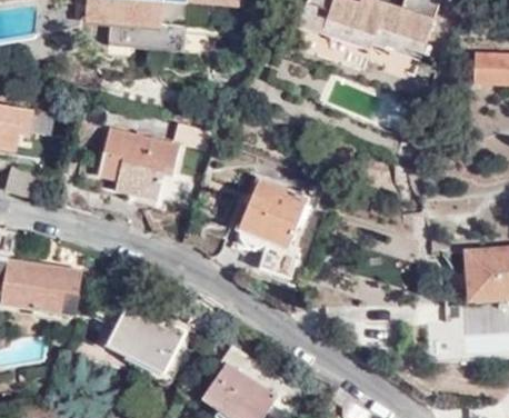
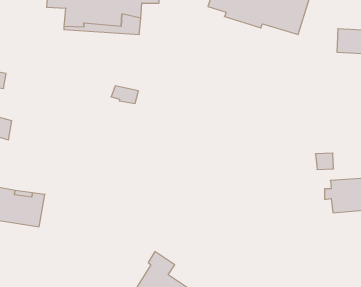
building: [97,128,177,198] -> none
building: [237,177,306,276] -> none
building: [109,305,184,371] -> none

